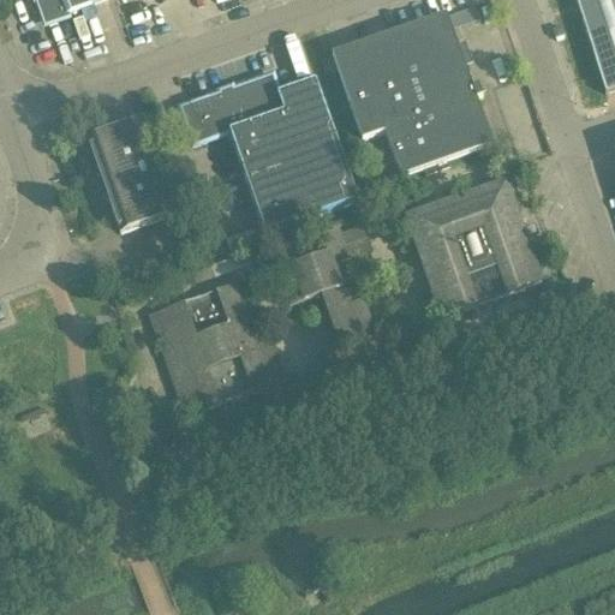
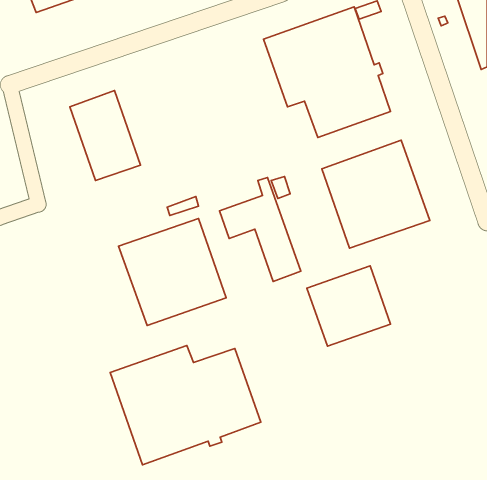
building: [179,70,357,227] -> none
building: none -> [307,266,390,346]
building: none -> [110,345,261,465]

